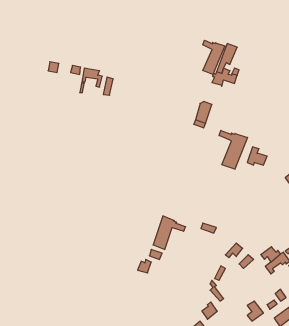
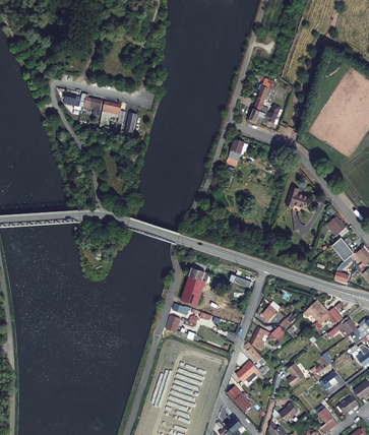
building: [203,40,225,74] -> none
building: [219,130,247,169] -> none

